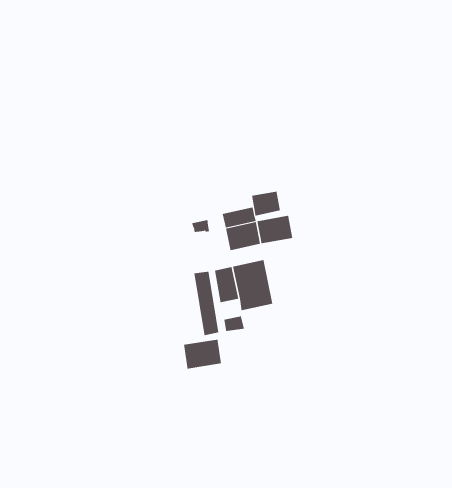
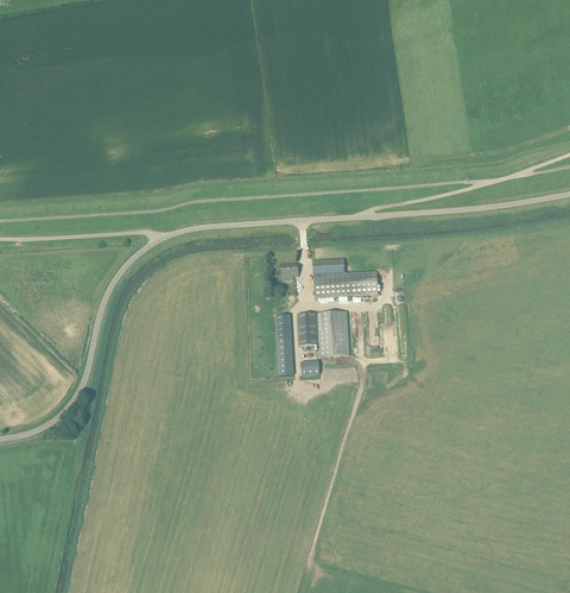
building: [251,191,280,216] -> none
building: [184,339,222,370] -> none

